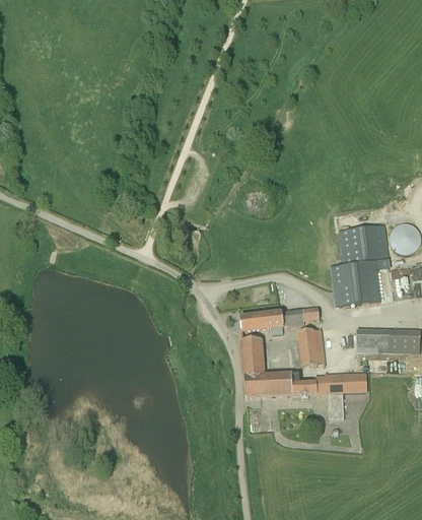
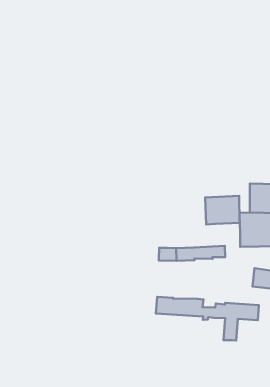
building: none -> [205,196,240,224]
building: [297,326,335,365] -> none
building: [241,338,263,376] -> none

